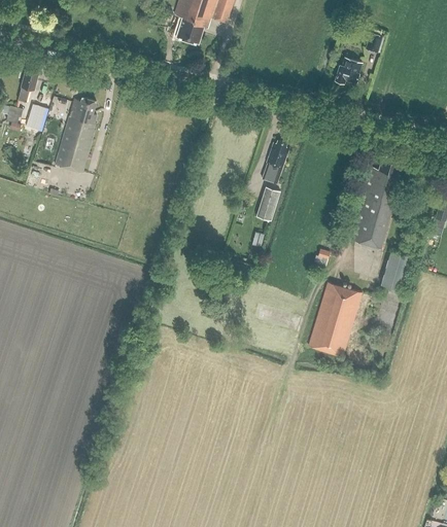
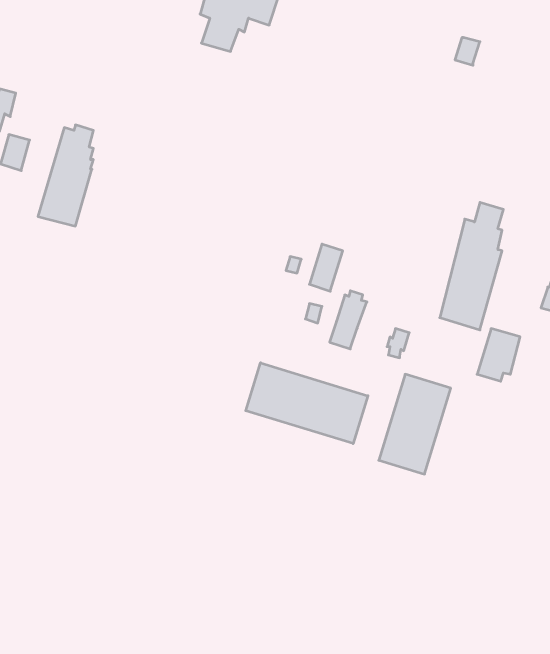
building: [335,58,362,82] -> none
building: [262,140,289,183] -> [330,291,367,349]
building: none -> [246,363,368,444]

